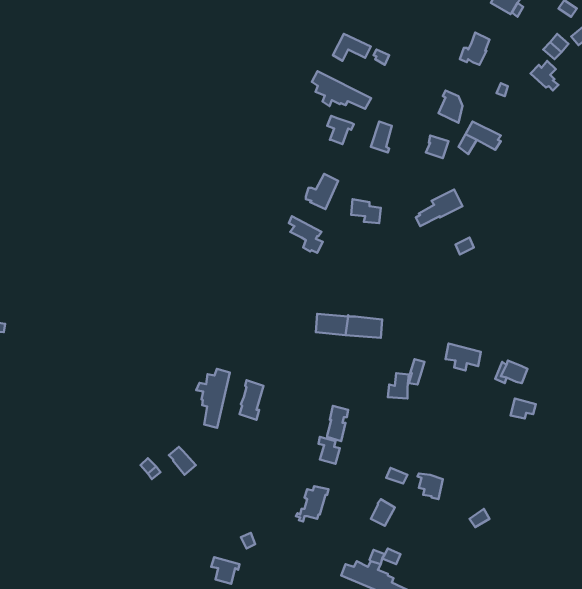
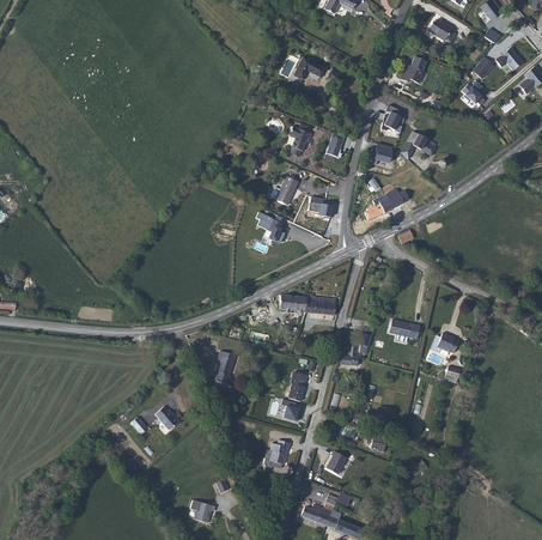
building: [312,71,371,109] -> none
building: [196,369,230,428] -> none

